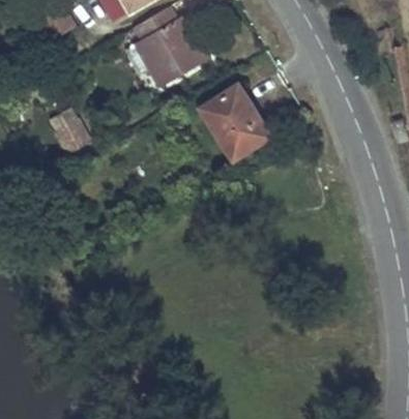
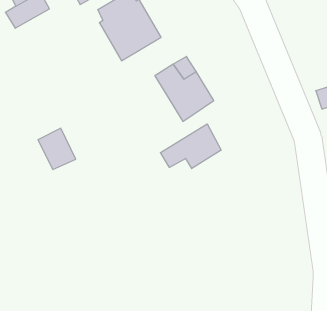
building: [45,103,89,152] -> [38,128,76,170]
building: none -> [160,124,221,169]

